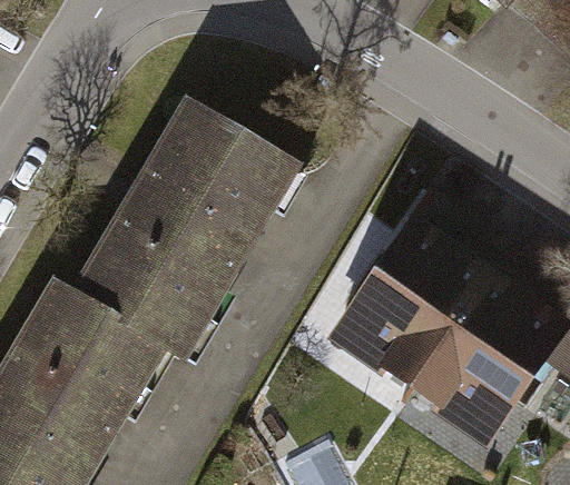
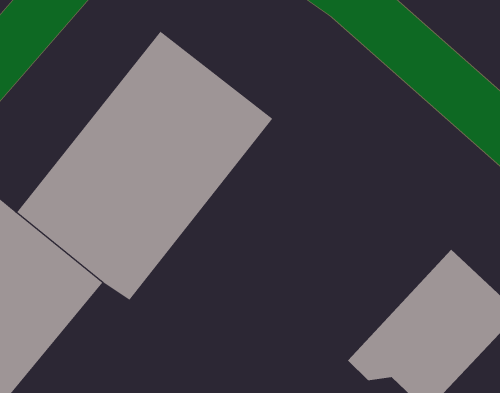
building: [342,197,494,396] -> none

